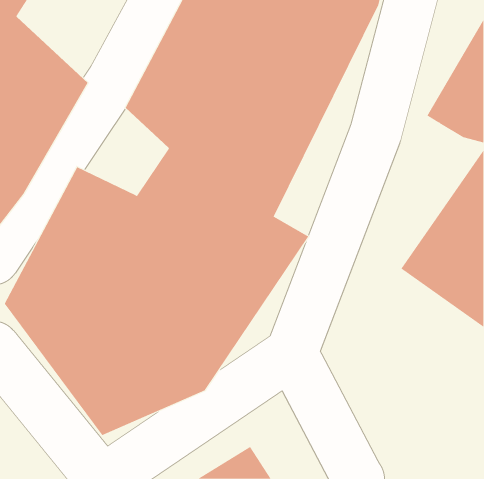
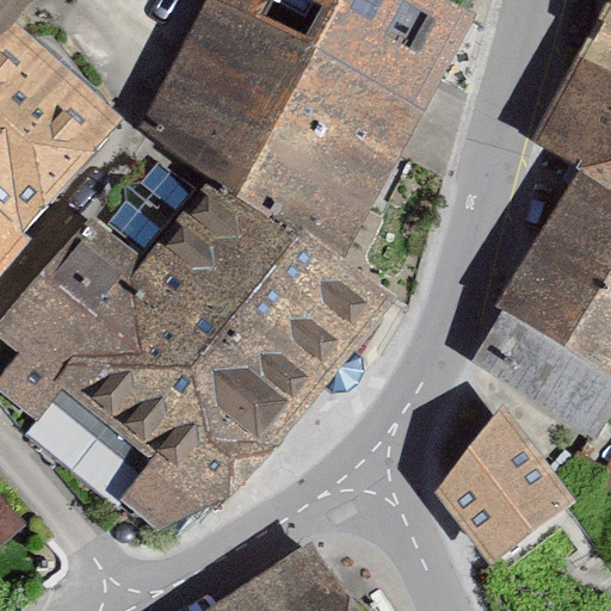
building: none -> [416,400,564,548]

